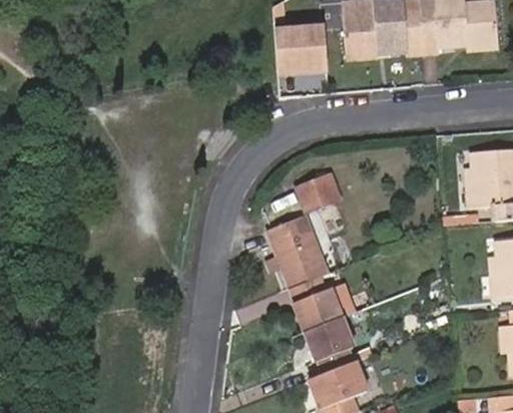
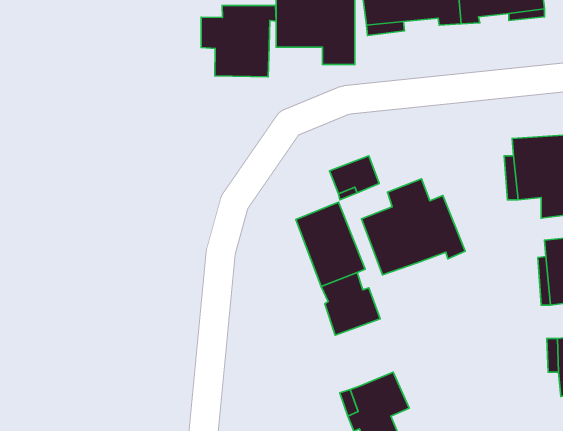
building: none -> [201,5,276,77]
building: none -> [361,179,465,275]
building: [309,310,359,368] -> none

